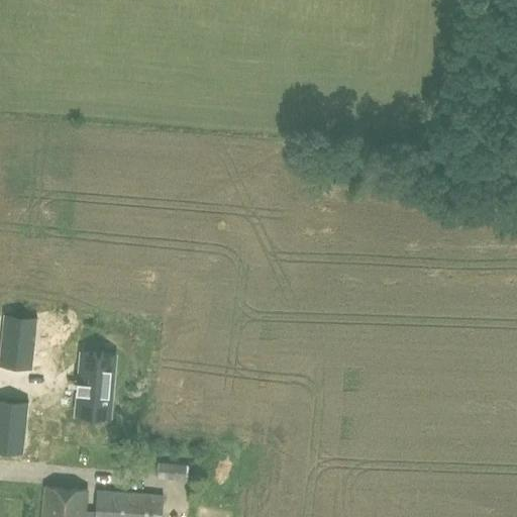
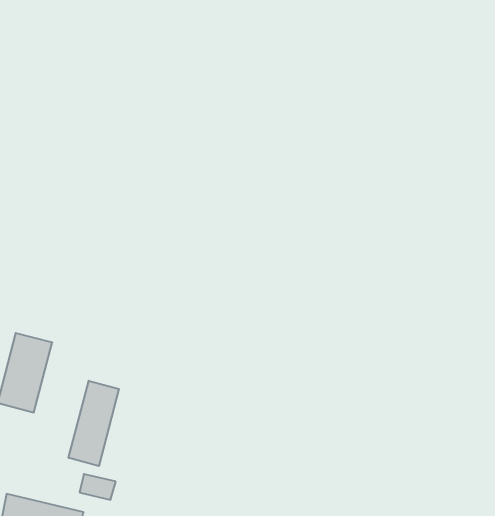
building: none -> [69,381,119,466]

